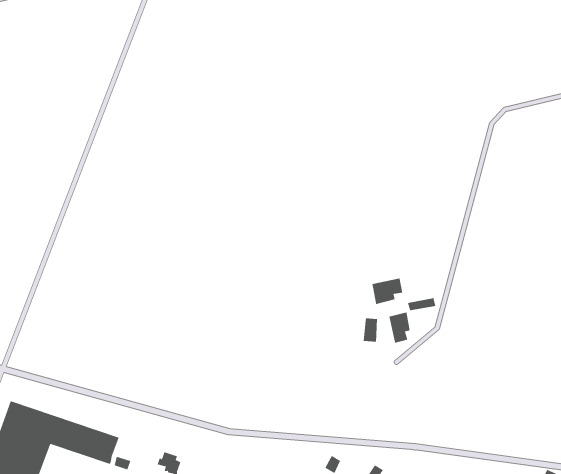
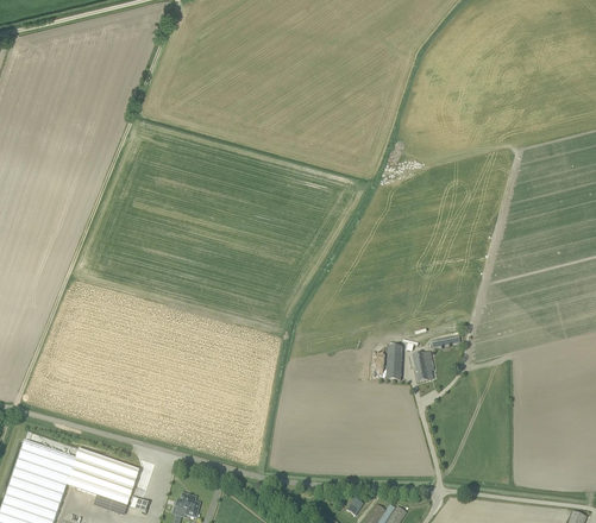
building: [372,277,403,305] -> none

